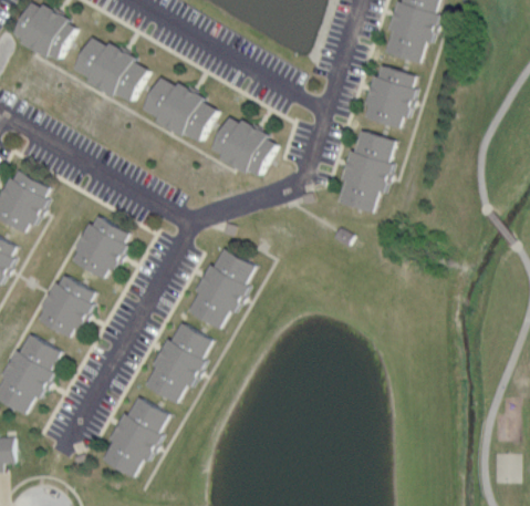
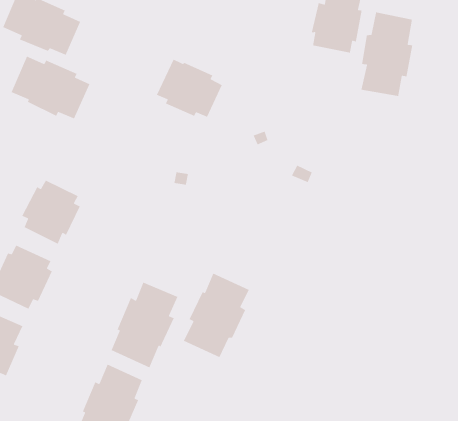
building: [141,76,217,142] -> [11,56,91,119]
building: [337,130,394,213] -> [361,12,413,97]
building: [187,248,256,330] -> [183,272,250,358]

